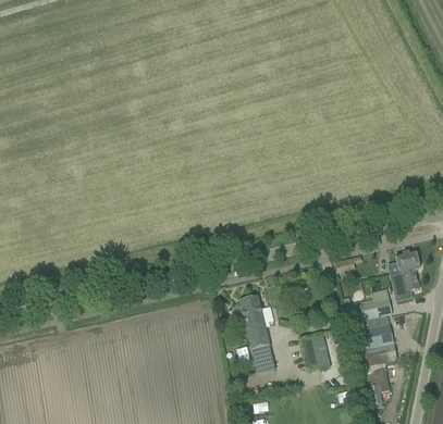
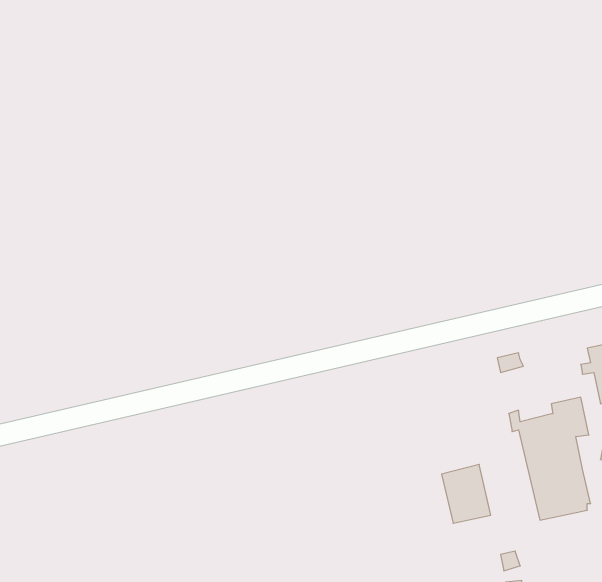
building: [236,295,275,373] -> none
building: [366,366,391,394] -> none

